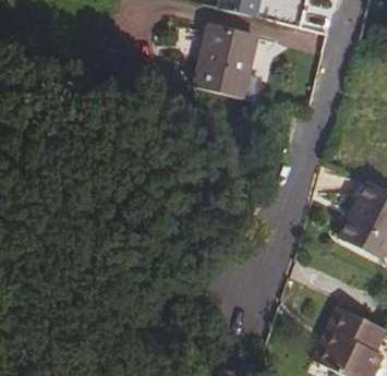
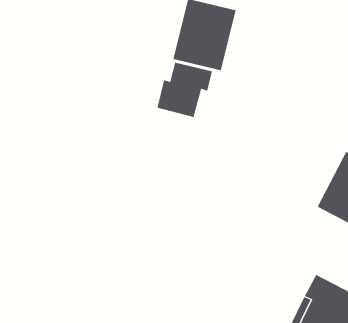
building: none -> [157,62,212,118]

